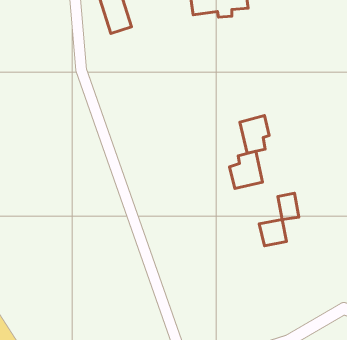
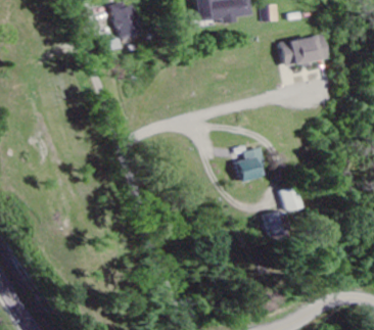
building: none -> [281,37,327,65]
building: [240,115,269,153] -> none

